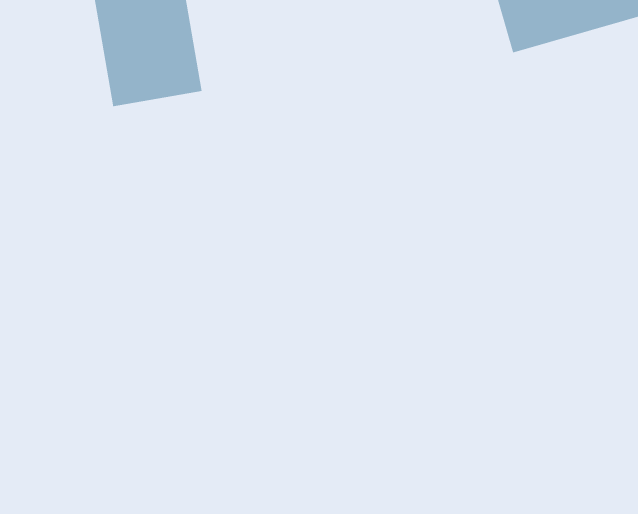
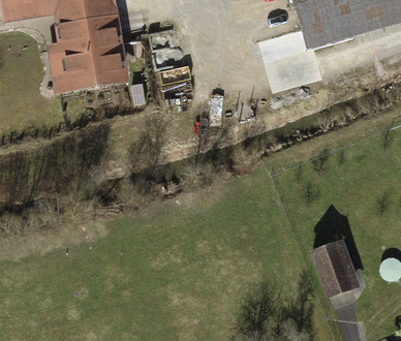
building: none -> [310,238,363,299]

